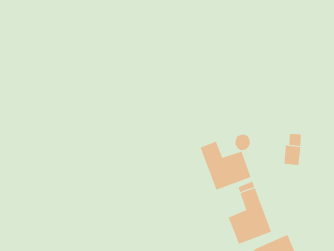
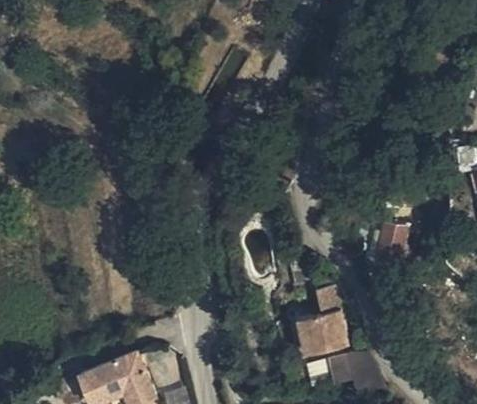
building: [200,141,251,191] -> none

